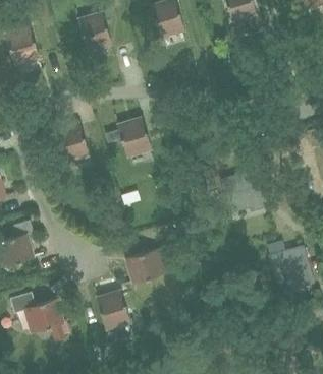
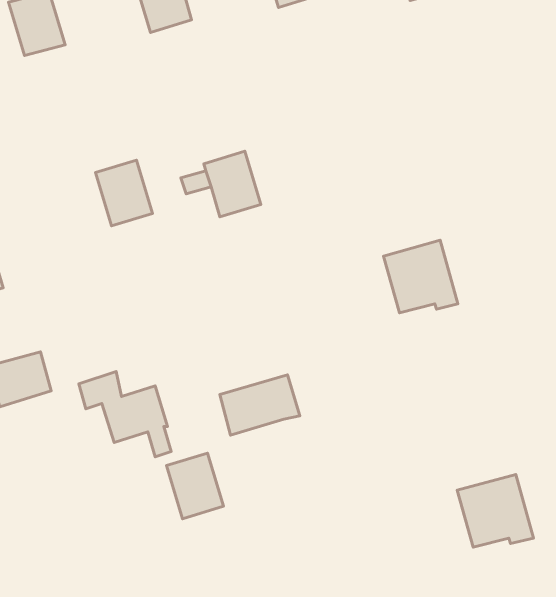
building: [269,245,313,287] -> [457,474,534,547]
building: [10,290,63,338] -> [79,372,171,457]

